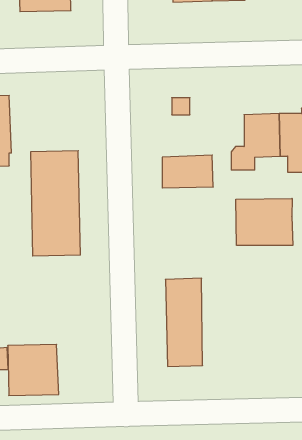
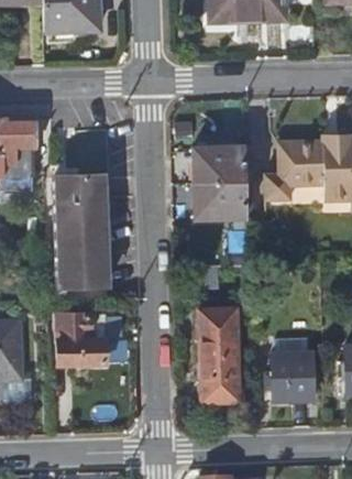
building: none -> [194,144,246,184]
building: [236,198,293,245] -> none
building: none -> [263,355,310,402]
building: [8,344,59,395] -> [55,318,108,371]

